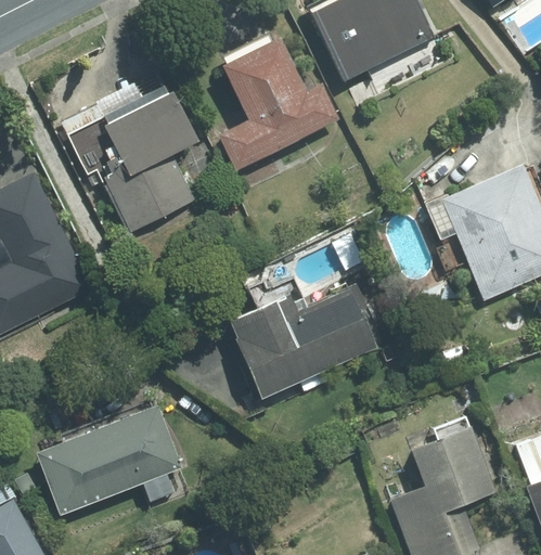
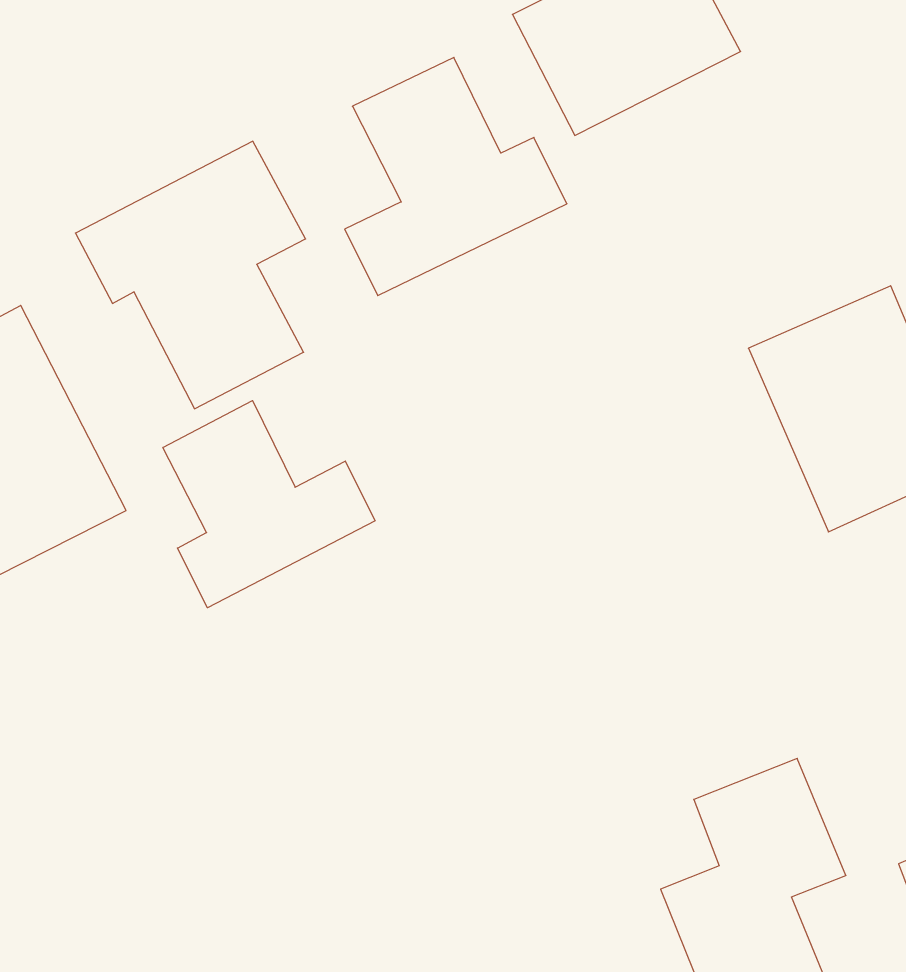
building: none -> [163,401,375,608]
building: [226,283,385,399] -> none
building: [35,403,181,515] -> none

